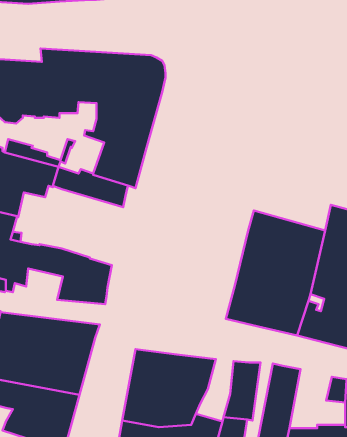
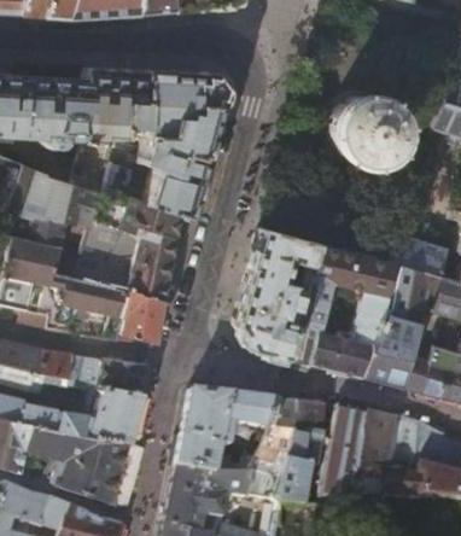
building: none -> [320,88,399,168]
building: none -> [78,219,177,301]
building: none -> [238,226,319,359]
building: none -> [261,402,297,470]
building: none -> [360,413,398,465]

